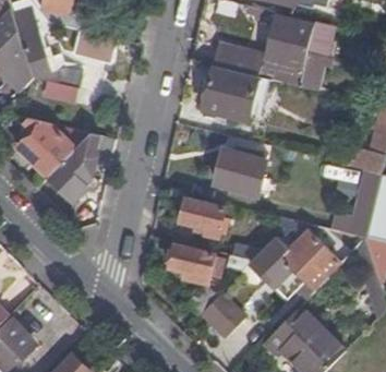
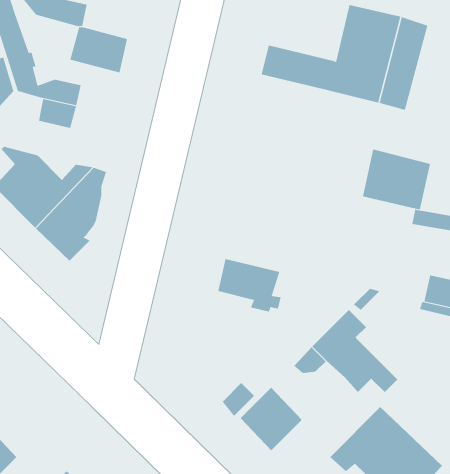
building: [202,64,258,120] -> none
building: [216,149,266,194] -> [362,149,431,210]
building: [282,231,338,287] -> none
building: [169,245,214,287] -> none

